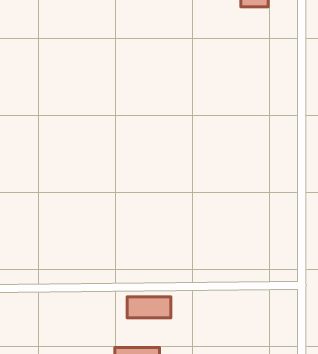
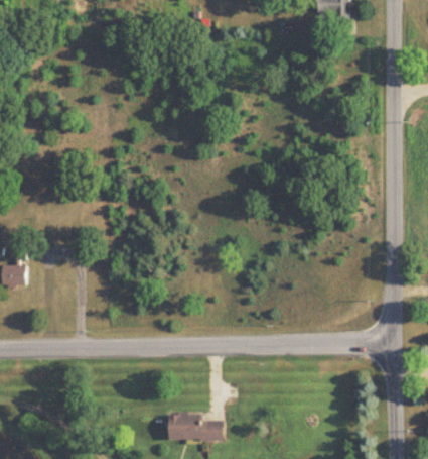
building: [127,297,171,318] -> none

